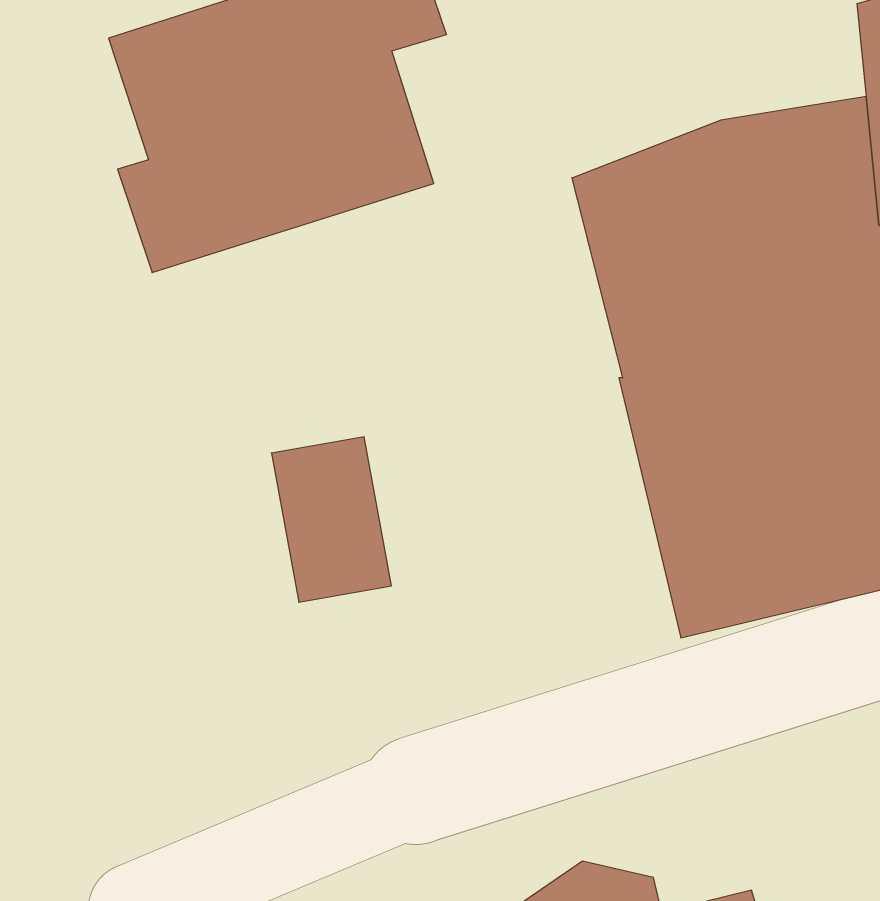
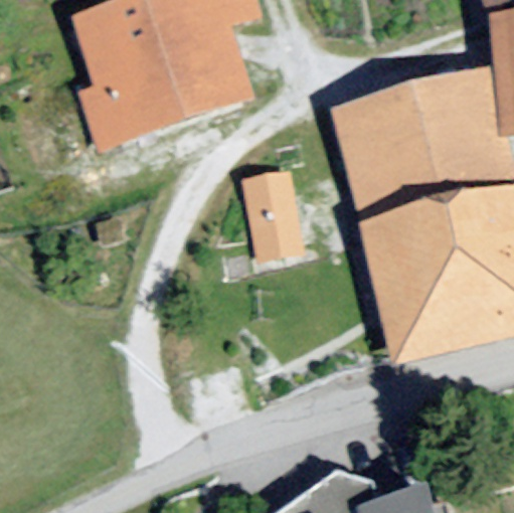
building: [271,437,391,602] -> [245,167,312,259]

